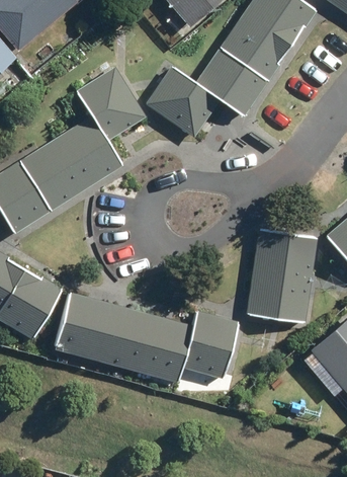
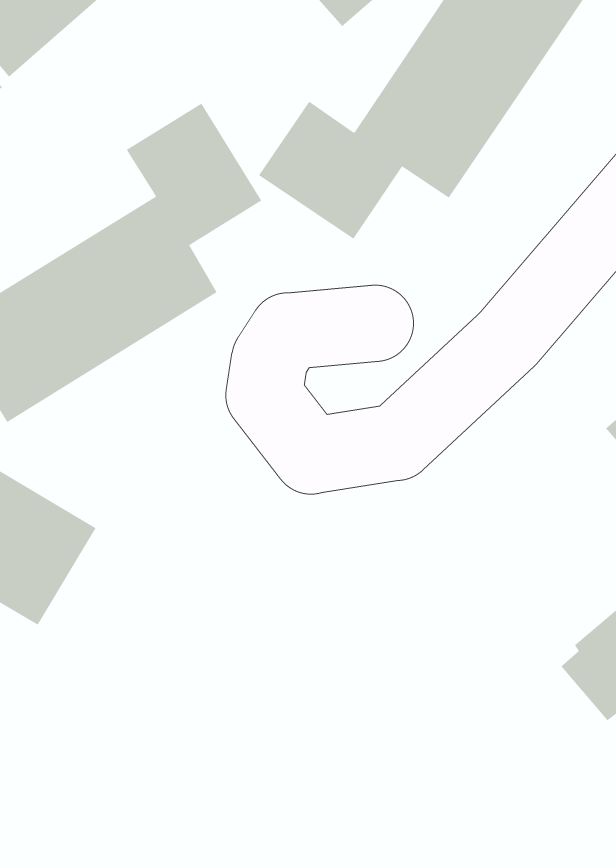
building: [248,232,316,322] -> none
building: [55,293,240,382] -> none

